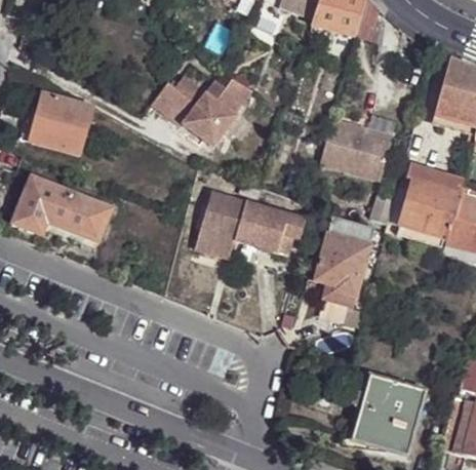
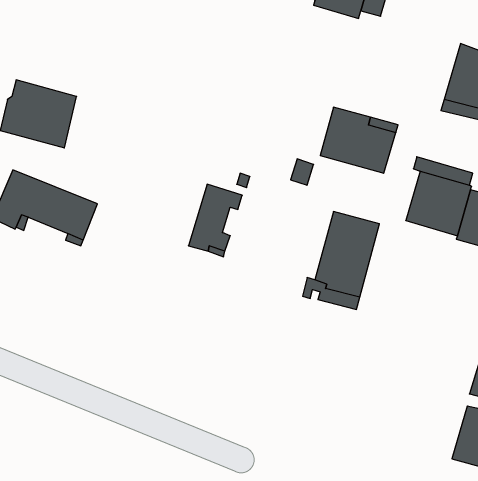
building: [149,74,249,146] -> none
building: [228,200,306,254] -> none
building: [352,374,427,455] -> none

